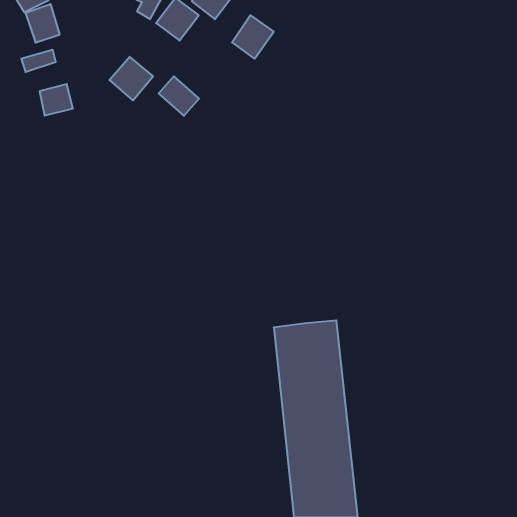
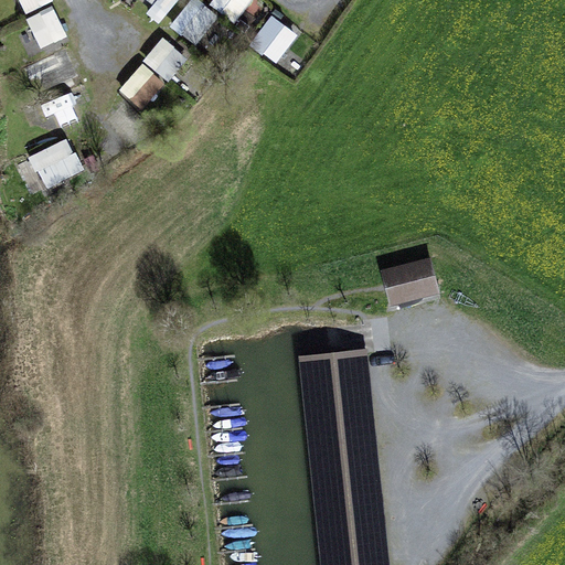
building: [159,76,199,116] -> [145,39,189,82]
building: none -> [29,136,84,189]
building: none -> [380,257,439,307]

